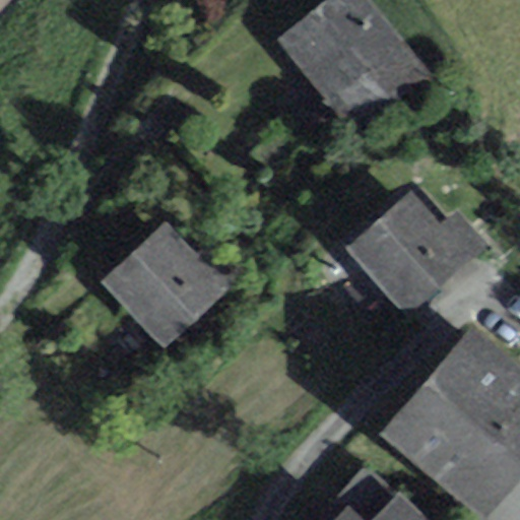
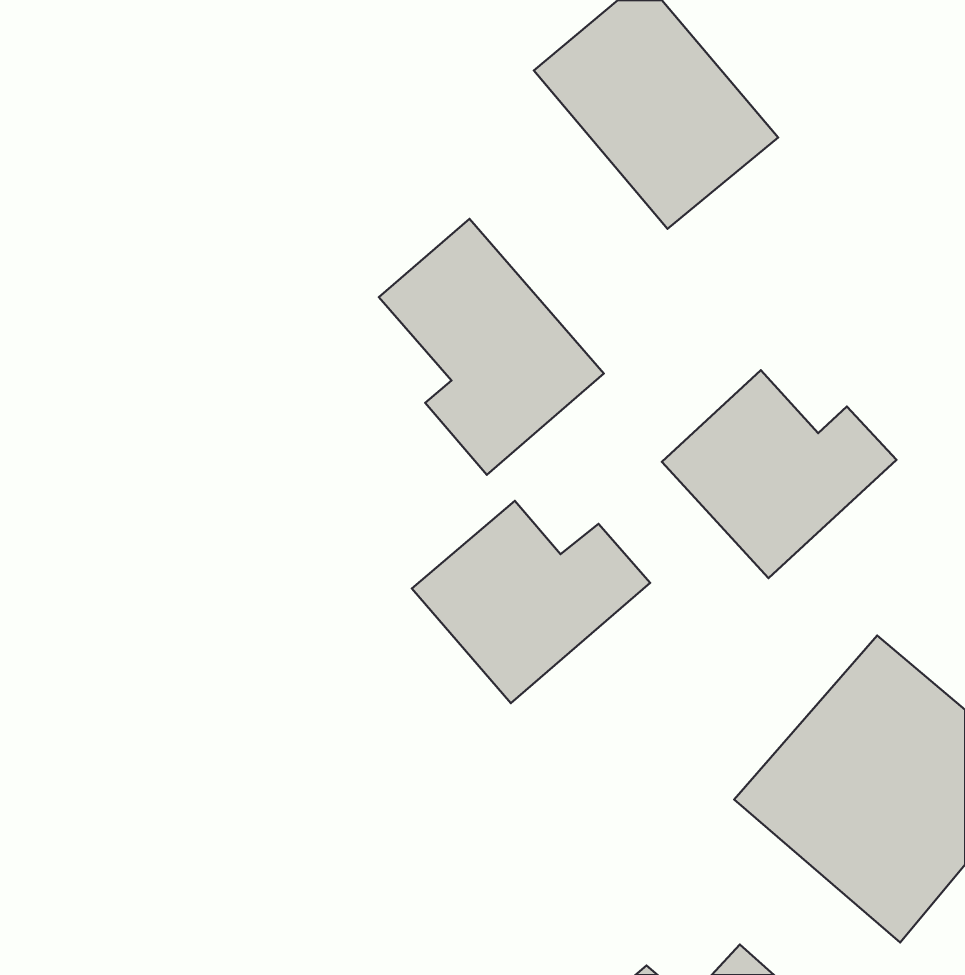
building: none -> [379,219,604,475]
building: [106,232,233,339] -> [412,501,650,703]

